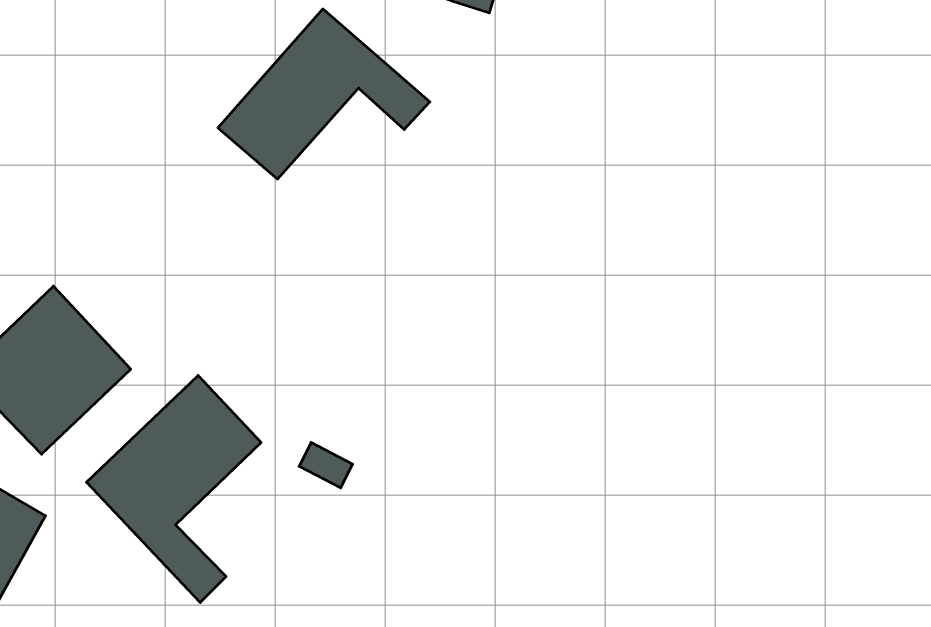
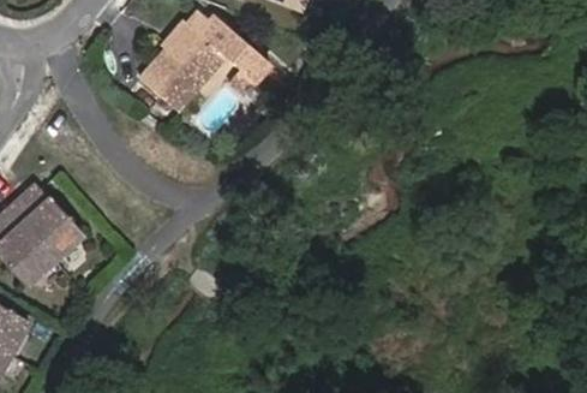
building: [86,375,261,603] -> none

